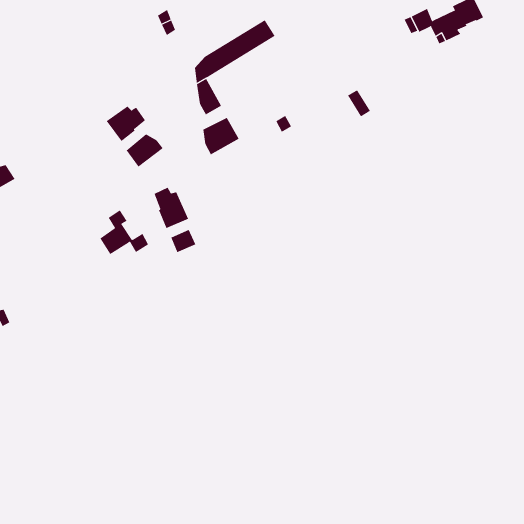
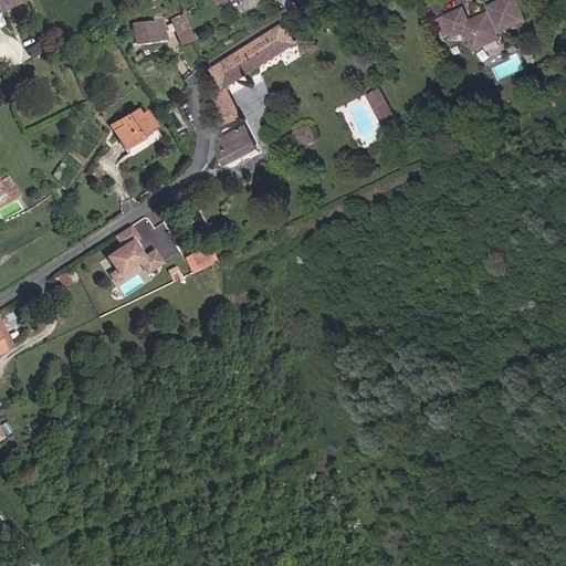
building: none -> [133,17,166,43]
building: [126,134,164,167] -> none
building: [154,187,189,229] -> none

